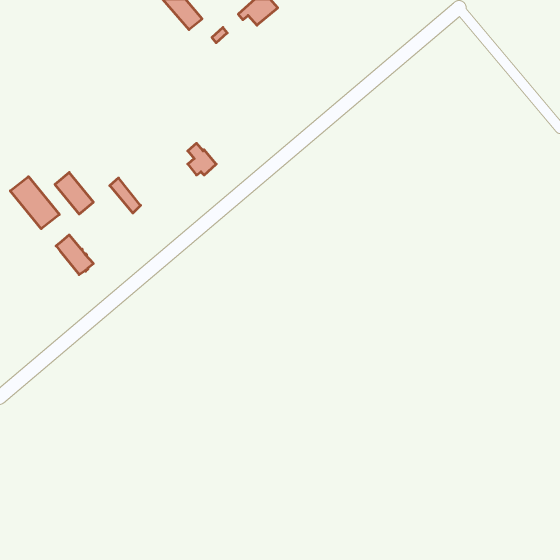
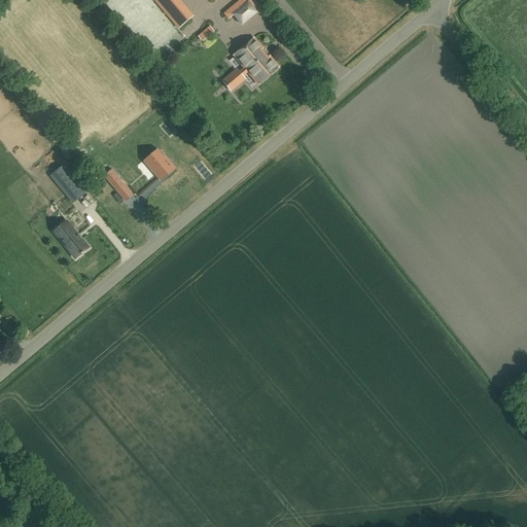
building: none -> [230,37,278,83]
building: [188,143,216,175] -> [148,148,175,178]
building: [10,177,59,229] -> none

